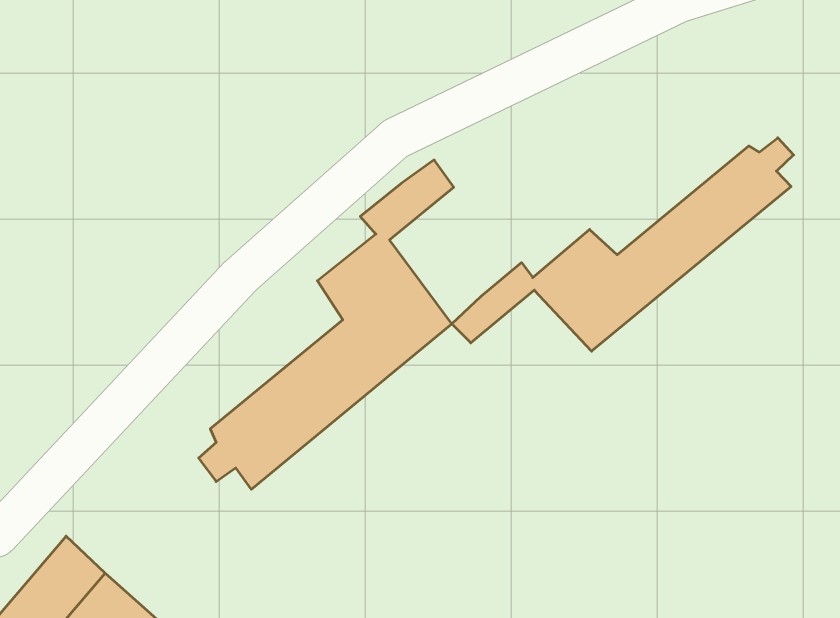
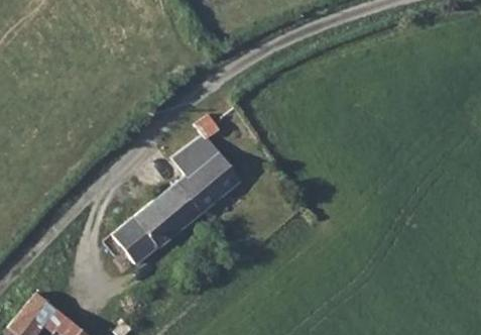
building: [452,138,794,351] -> none

